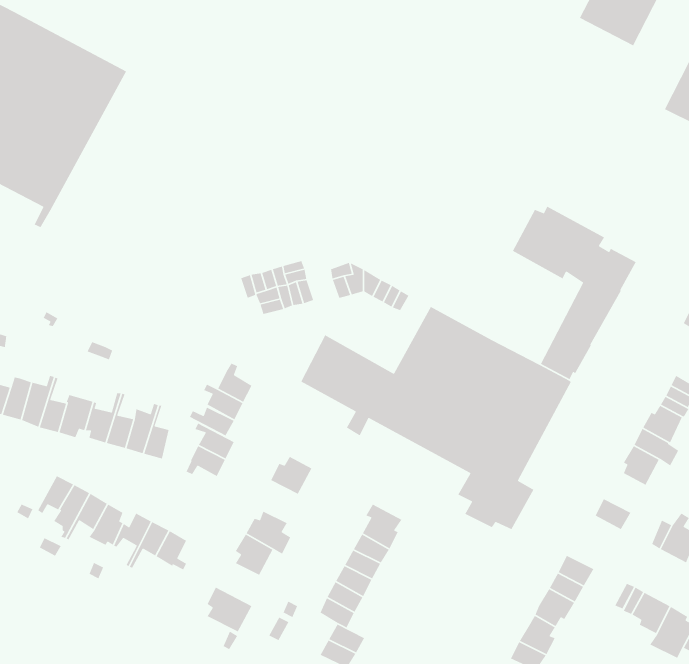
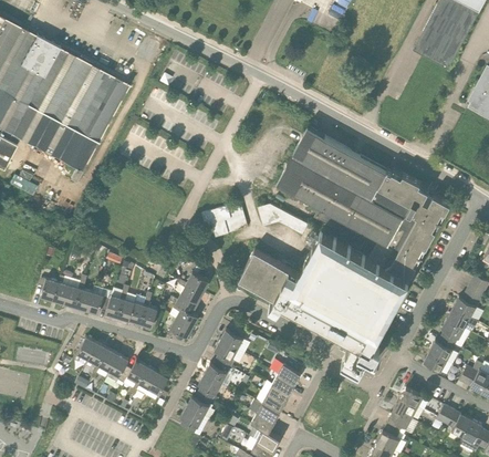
building: none -> [277,127,416,268]
building: none -> [429,336,458,364]
building: none -> [215,341,245,367]
building: none -> [186,393,215,420]

